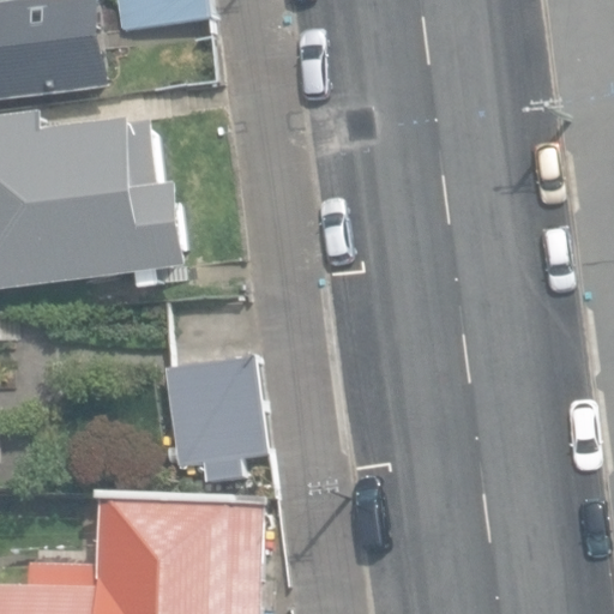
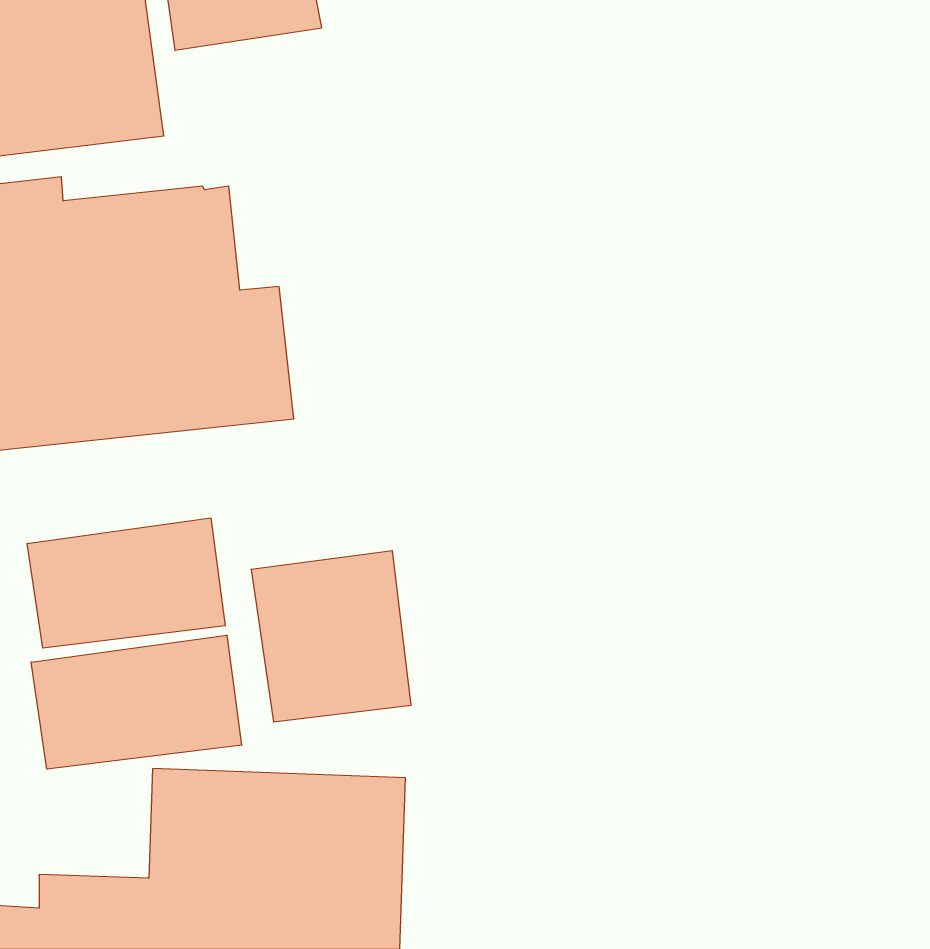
building: none -> [27,518,225,648]
building: none -> [31,635,241,769]

